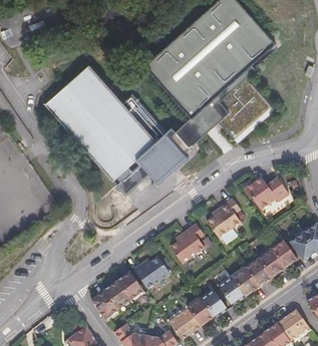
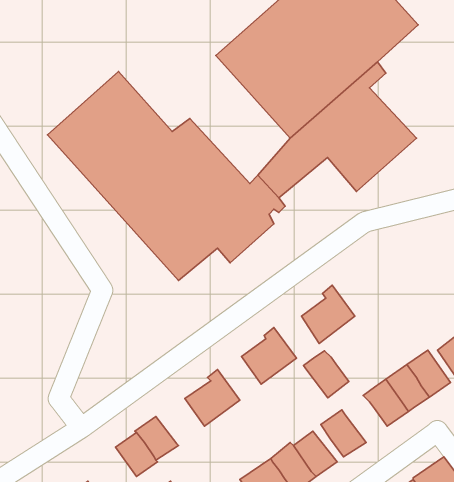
building: [243,177,287,206] -> none
building: [231,269,259,298] -> [304,351,349,398]
building: [115,272,142,300] -> none

